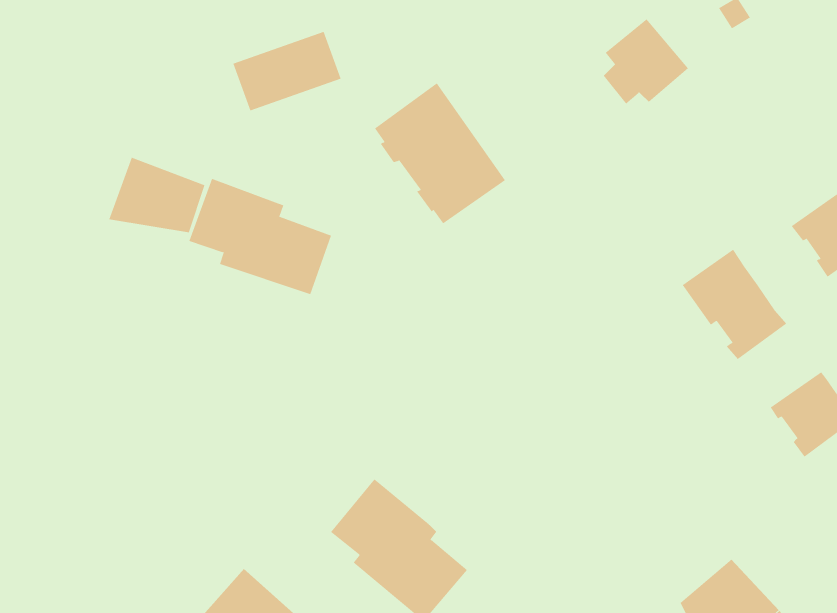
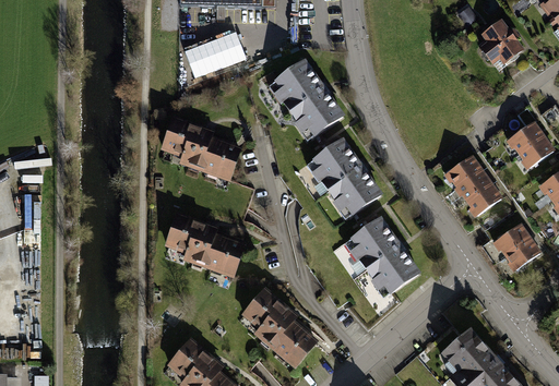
building: [603,19,689,105] -> [477,19,526,68]
building: [109,157,205,233] -> none
building: none -> [306,138,380,219]
building: none -> [165,212,248,278]
building: none -> [342,216,419,297]

